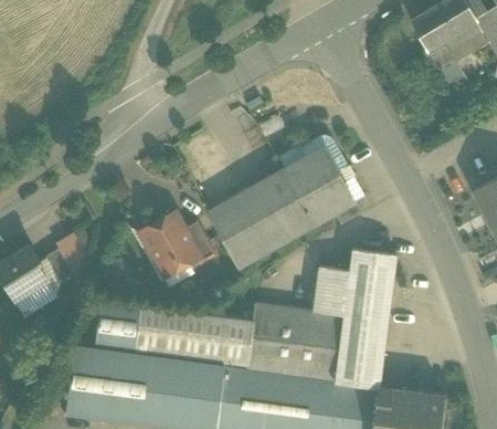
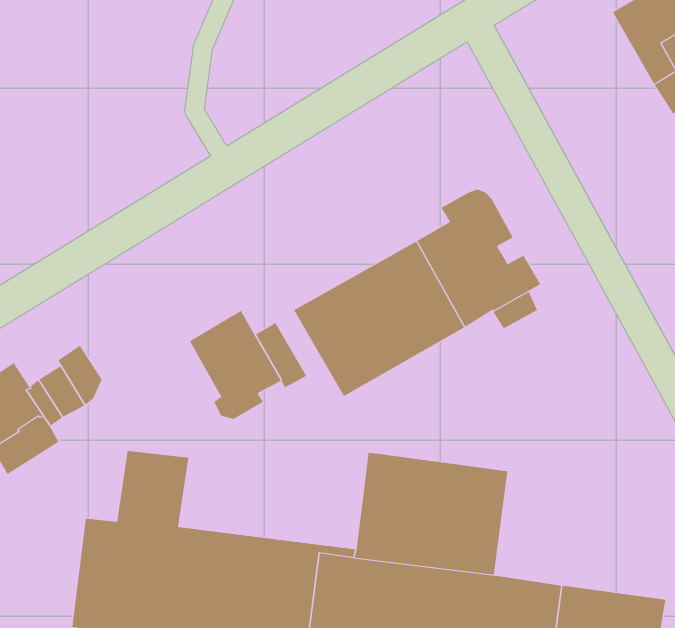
building: [313,249,396,388] -> none
building: [134,306,252,365] -> none

